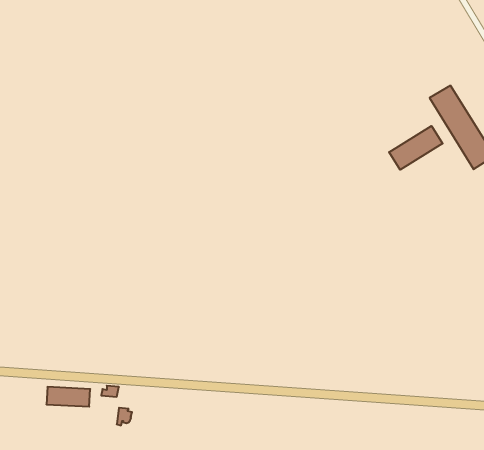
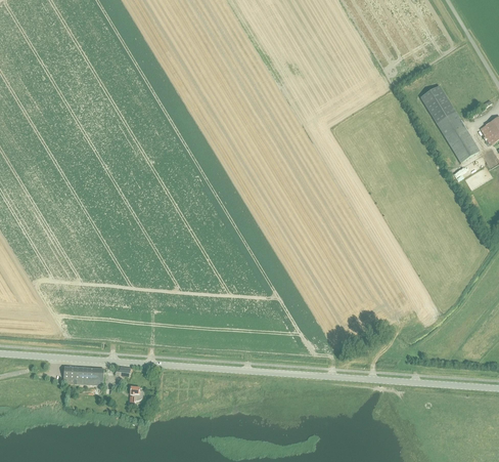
building: [389,126,443,170] -> none

